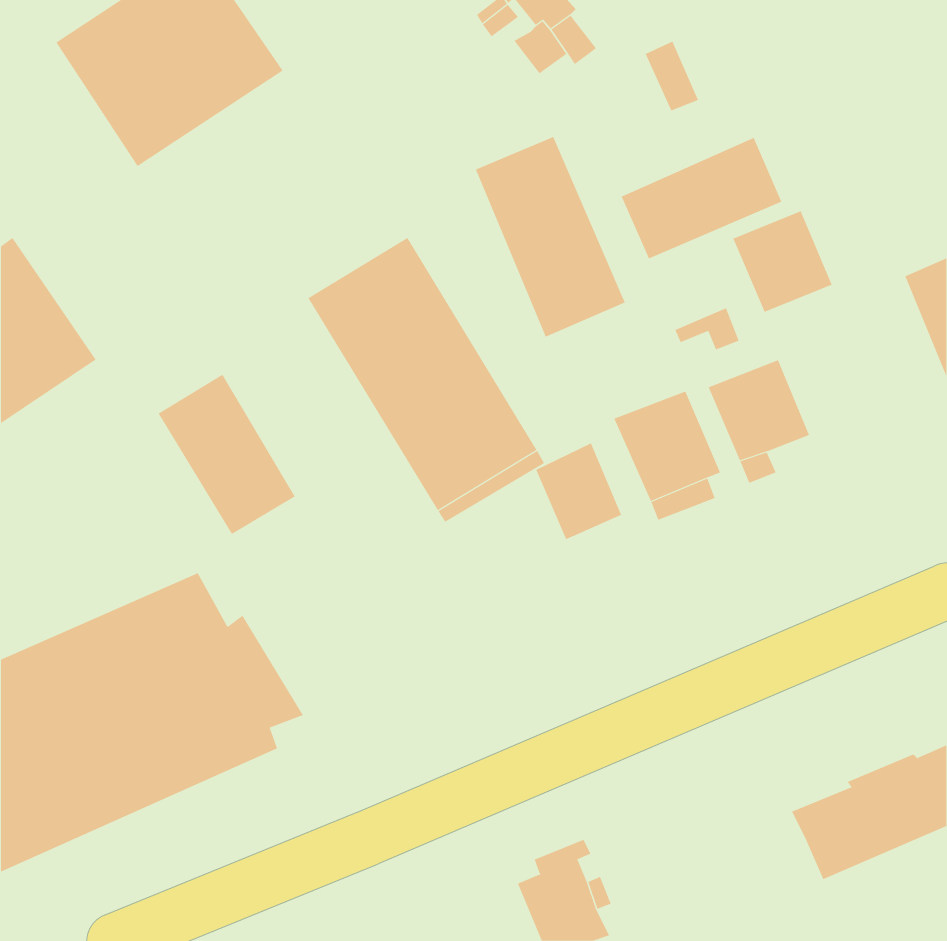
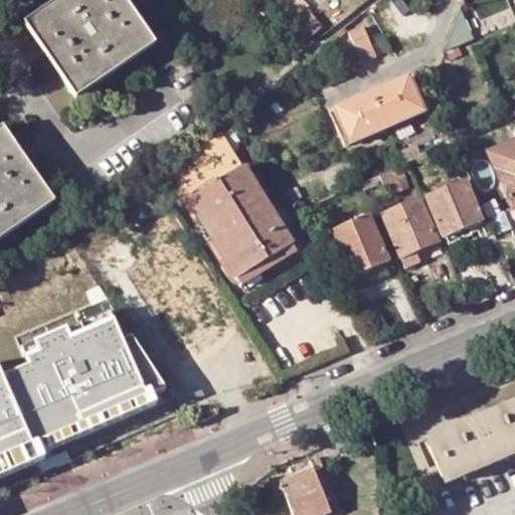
building: [475,136,625,337] -> none
building: [733,211,833,313] -> [430,177,484,232]
building: [158,374,296,535] -> none
building: [535,442,622,540] -> none

